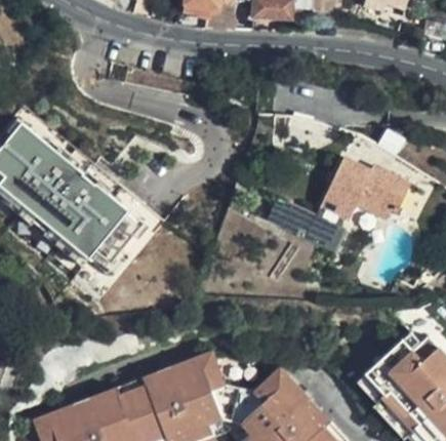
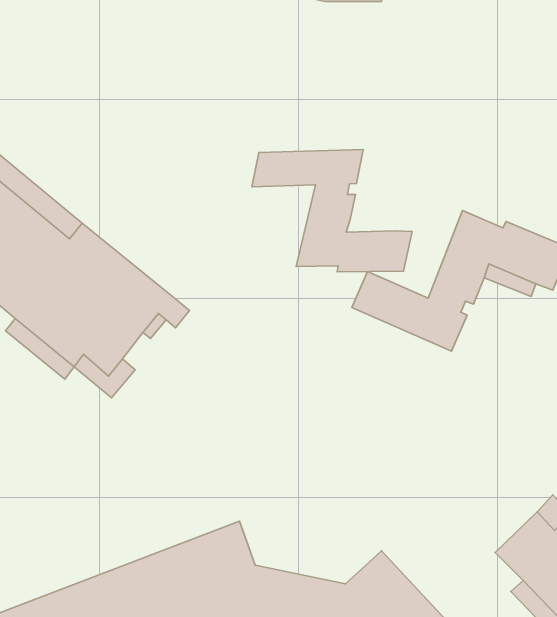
building: none -> [252,149,412,272]

